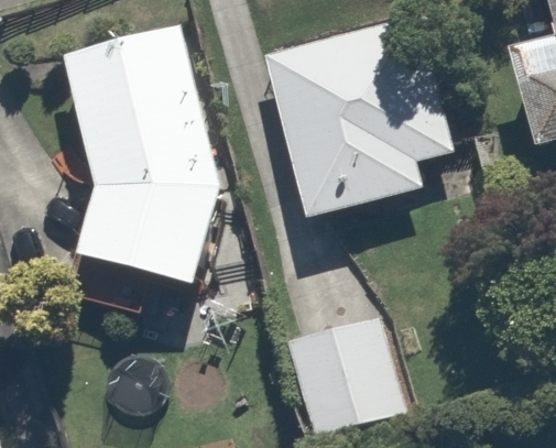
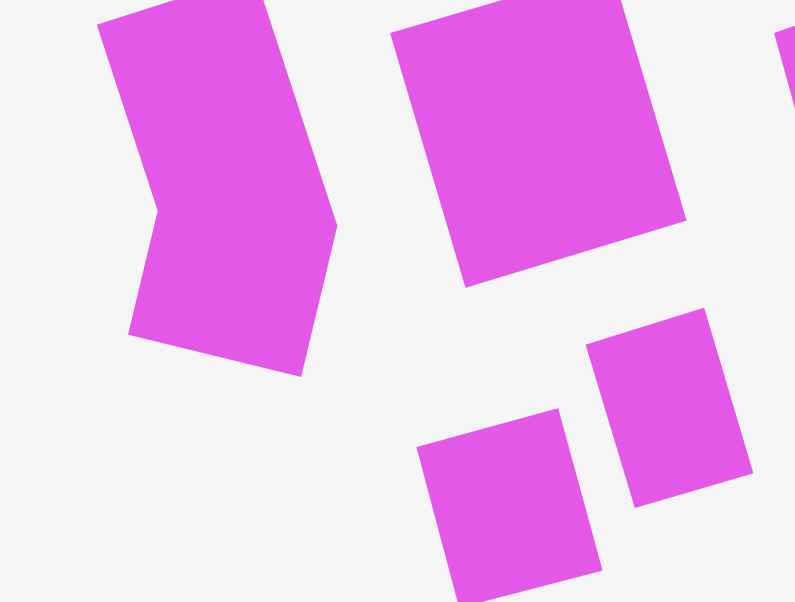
building: none -> [585,307,754,509]

